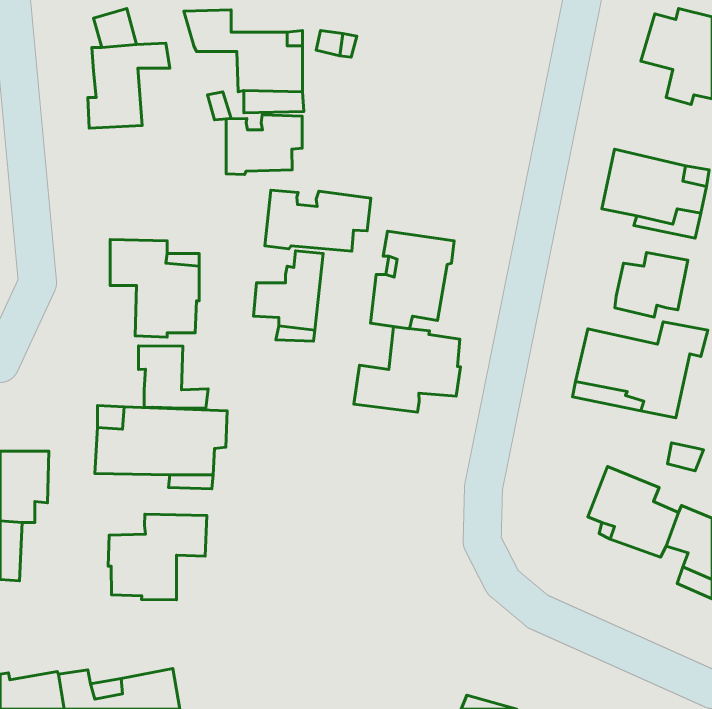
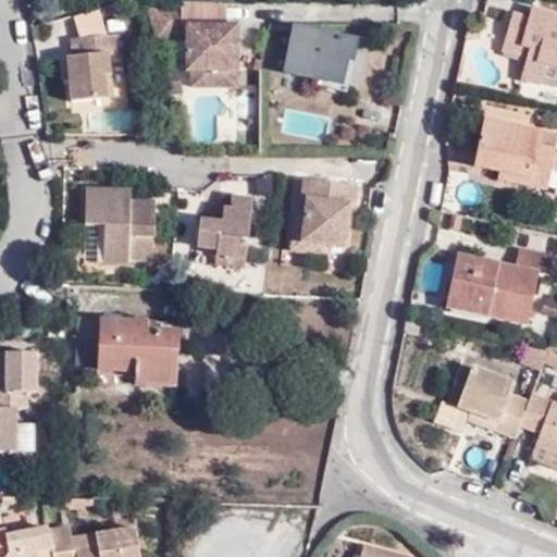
building: none -> [283,28,355,85]
building: [226,115,302,174] -> none
building: [265,190,371,251] -> none
building: [615,252,688,317] -> none
building: [354,327,461,412] -> none
building: [139,346,208,408] -> none
building: [108,514,207,600] -> none

